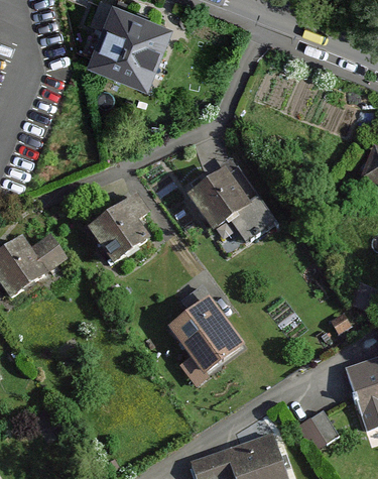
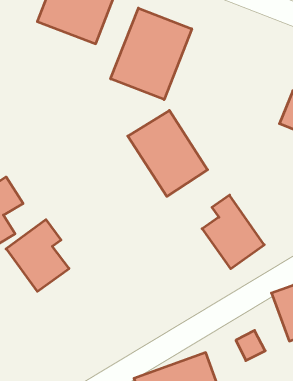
building: none -> [111,8,192,100]
building: [86,194,157,275] -> [6,220,69,291]
building: [169,287,240,371] -> [202,195,264,269]

